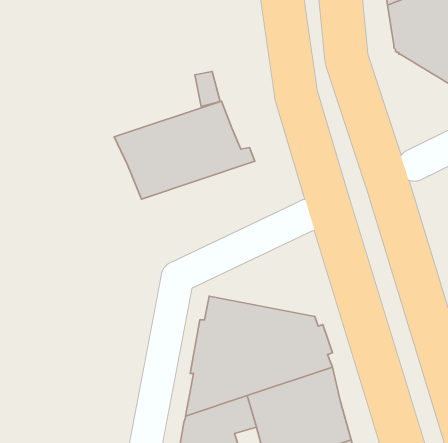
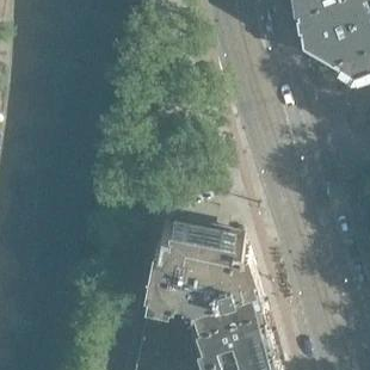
building: [114,101,255,199] -> none

